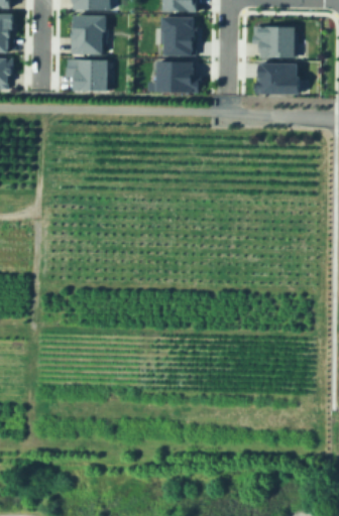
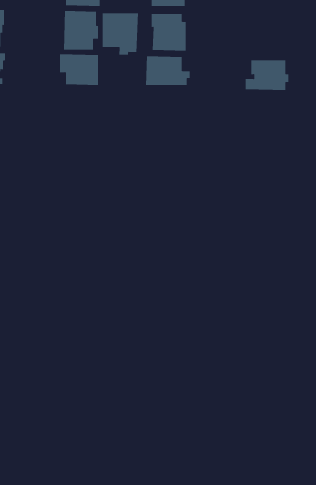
building: none -> [102,12,138,55]
building: [252,25,298,56] -> none

